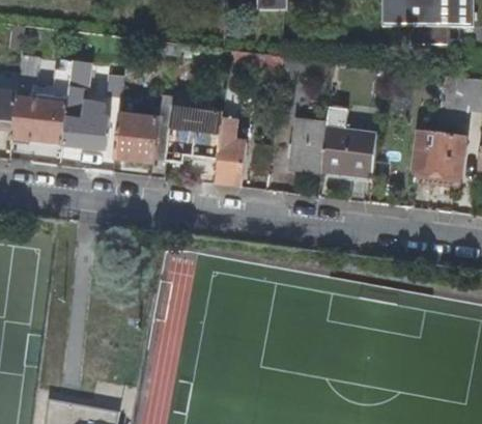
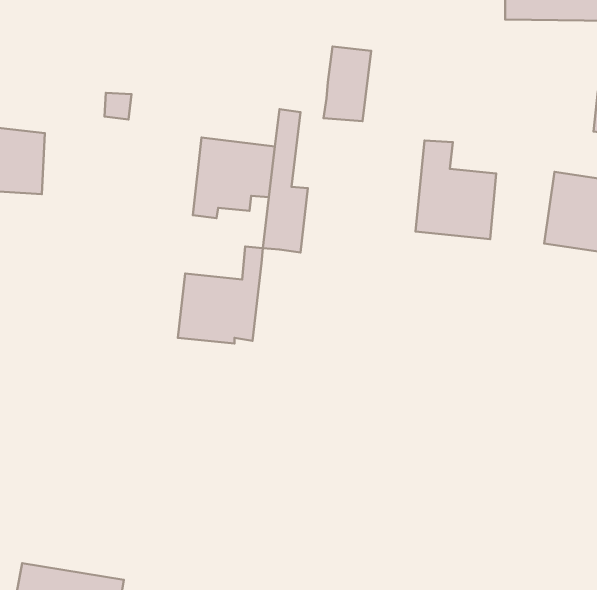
building: [63,60,108,148] -> none
building: [114,94,173,162] -> [178,247,263,344]
building: [290,118,323,170] -> [323,46,371,121]

